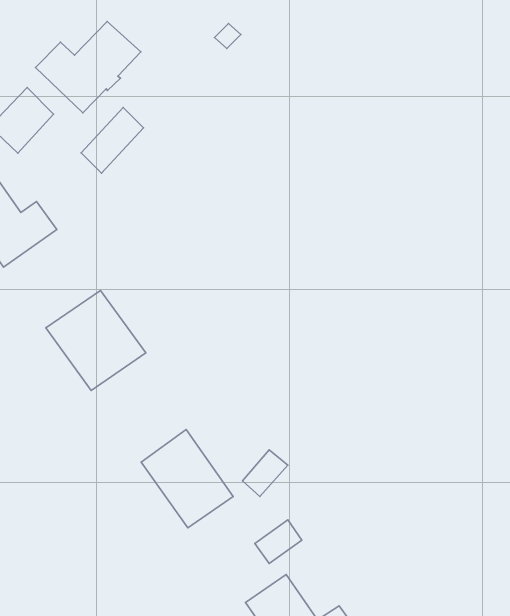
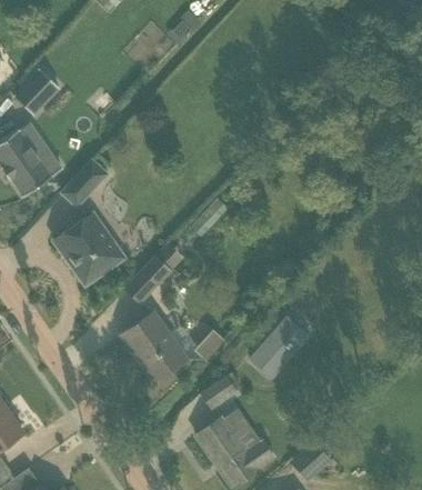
building: [36,21,141,113] -> none
building: [81,108,144,173] -> [63,160,108,207]
building: none -> [127,242,184,302]
building: none -> [248,306,304,364]

